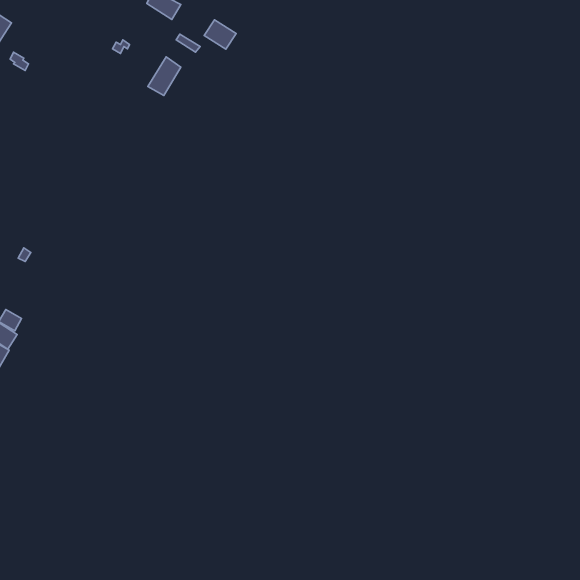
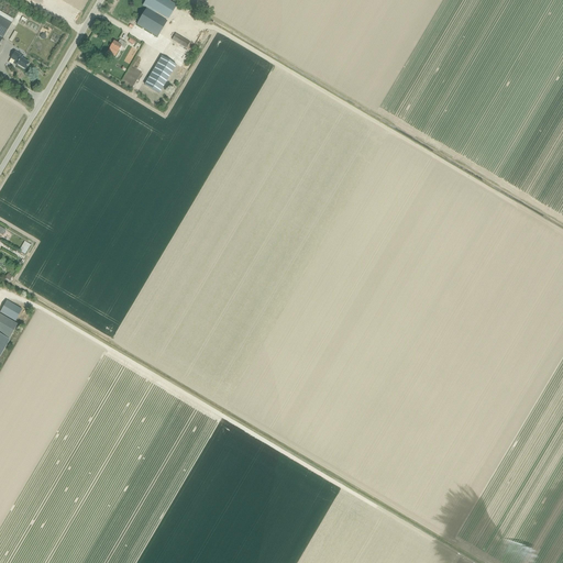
building: [204,20,236,49] -> [135,8,166,36]

